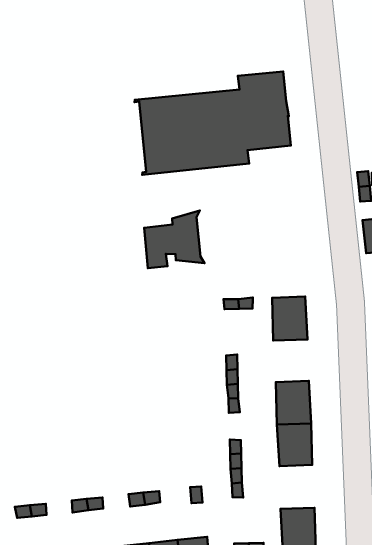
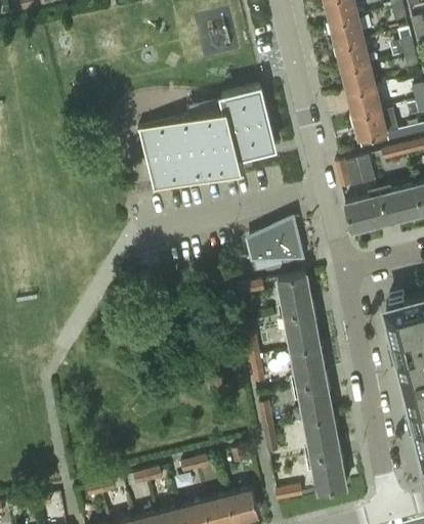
building: [144,210,204,268] -> [249,215,304,270]
building: none -> [284,310,319,350]
building: none -> [304,416,339,456]

